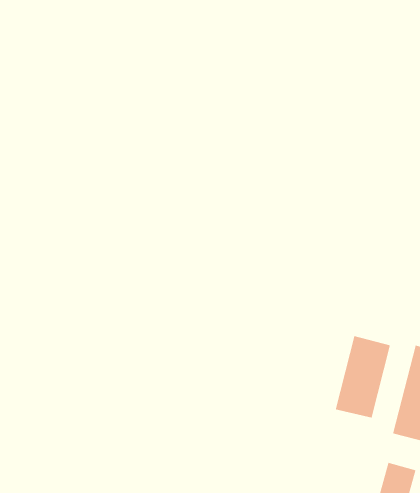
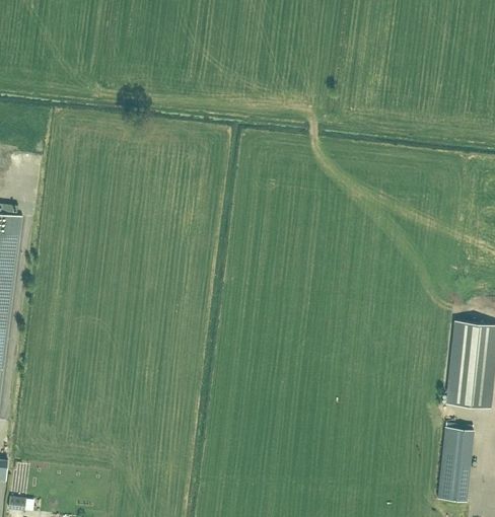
building: [335,335,391,418] -> none

